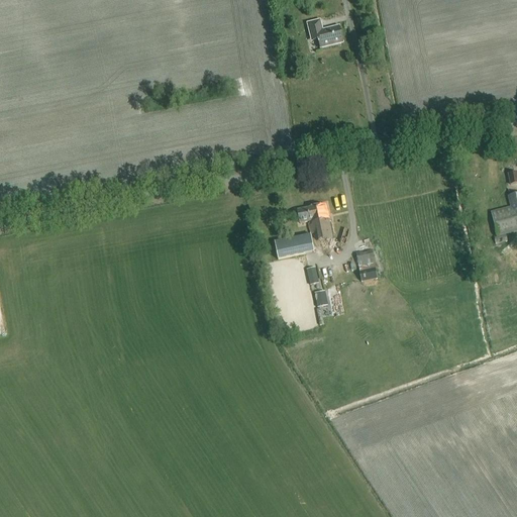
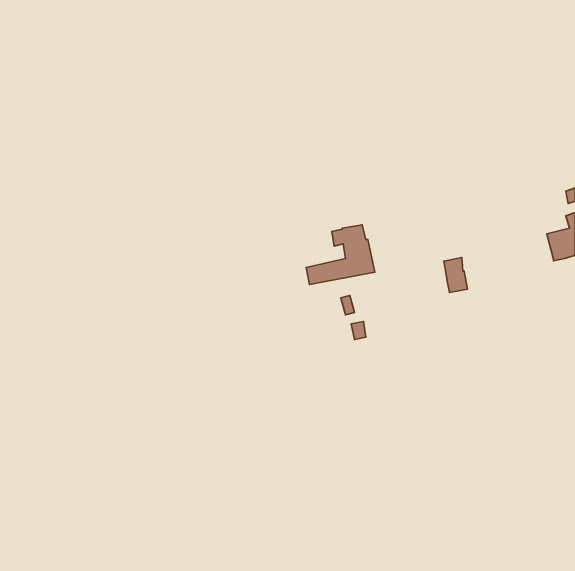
building: [307,18,343,46] -> none
building: [356,248,378,280] -> [444,258,467,292]

